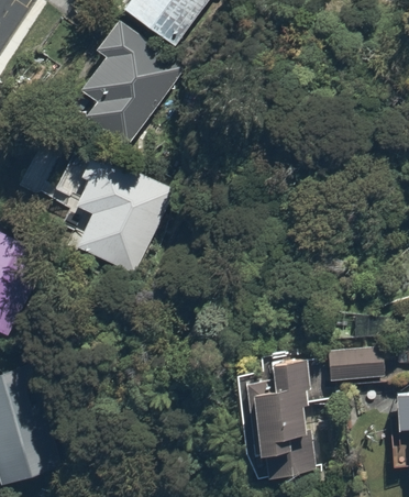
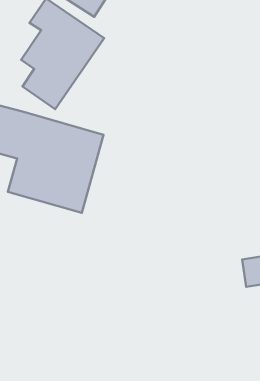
building: [248,357,322,479] -> none

